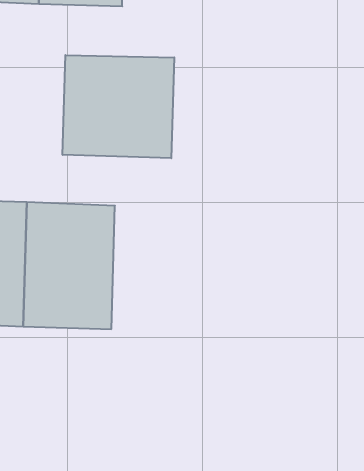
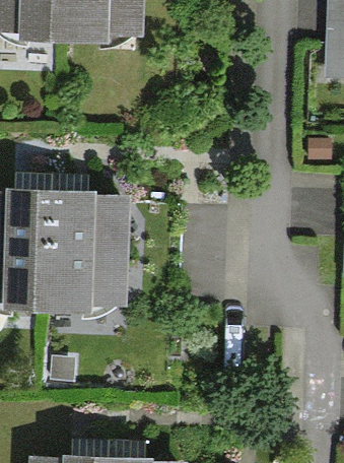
building: [63,55,174,158] -> none

